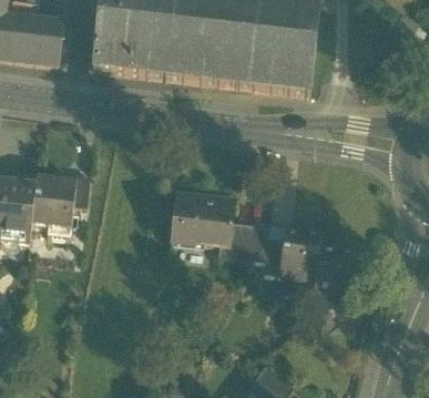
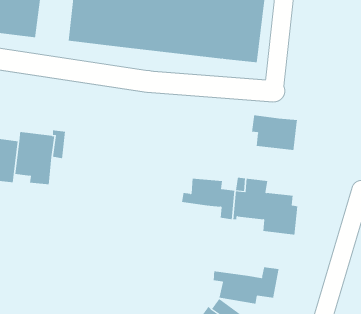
building: none -> [251,114,298,151]
building: [174,192,237,243] -> none
building: none -> [213,267,279,304]

